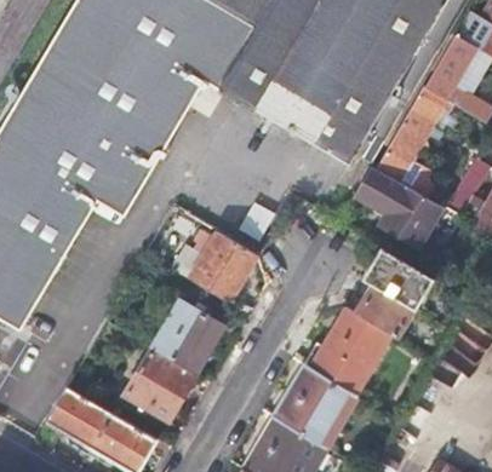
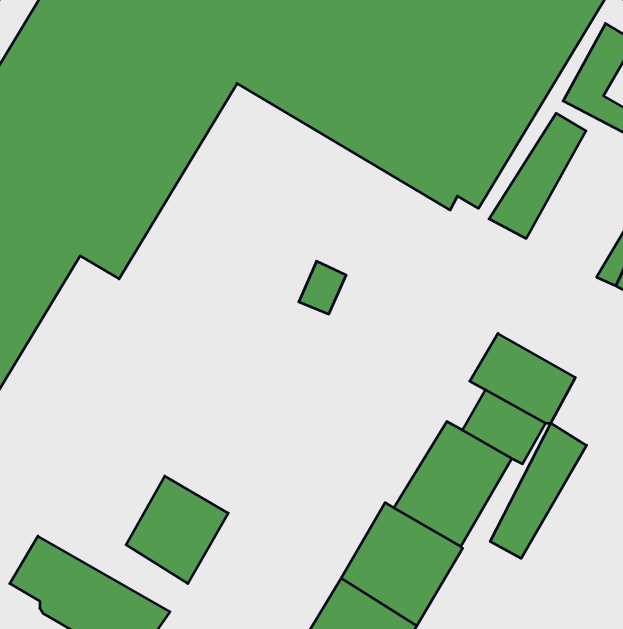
building: [355,167,444,246] -> none
building: [185,230,257,300] -> none
building: [153,299,222,372] -> none
building: none -> [490,423,587,558]

